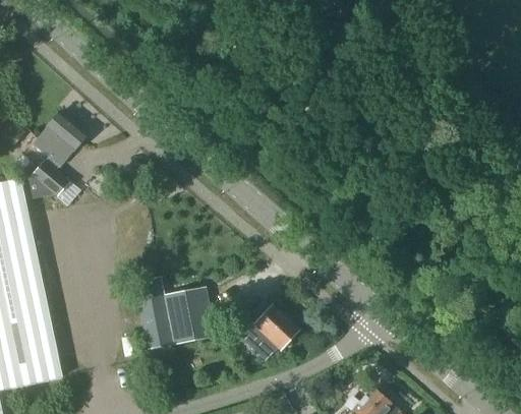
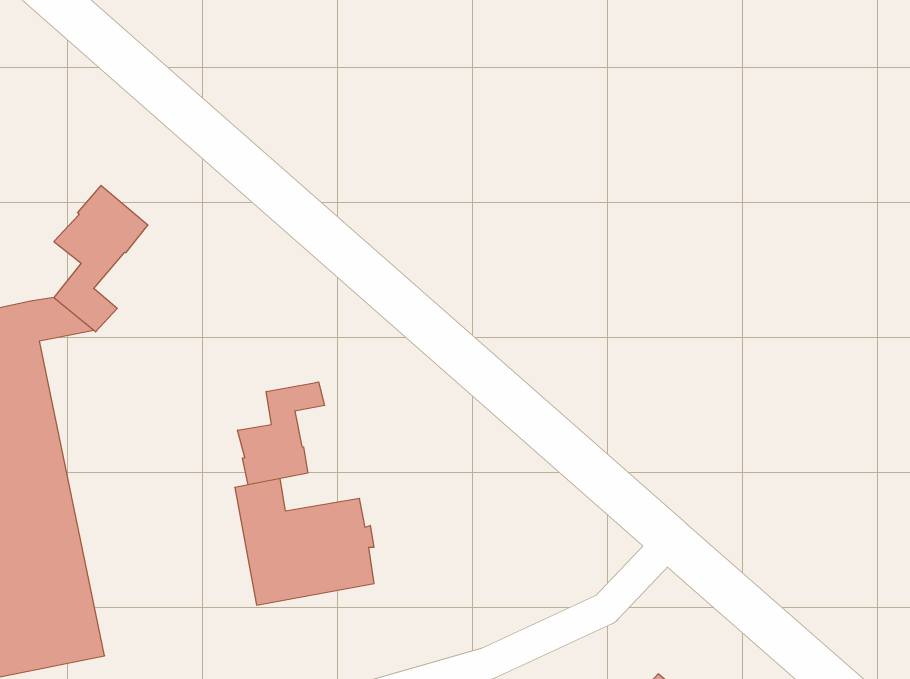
building: none -> [238,382,325,485]
building: [236,304,300,361] -> none

